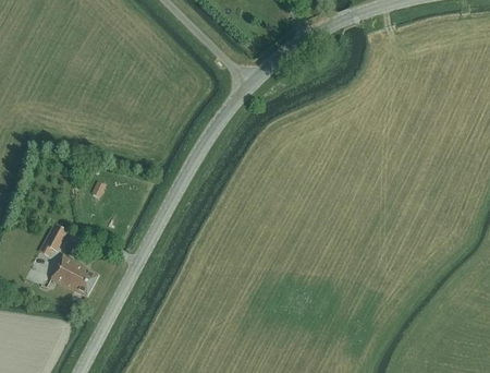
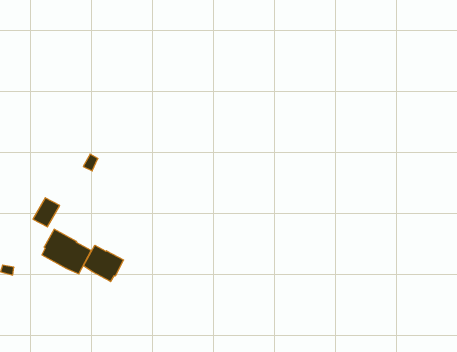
building: none -> [83,245,124,282]

